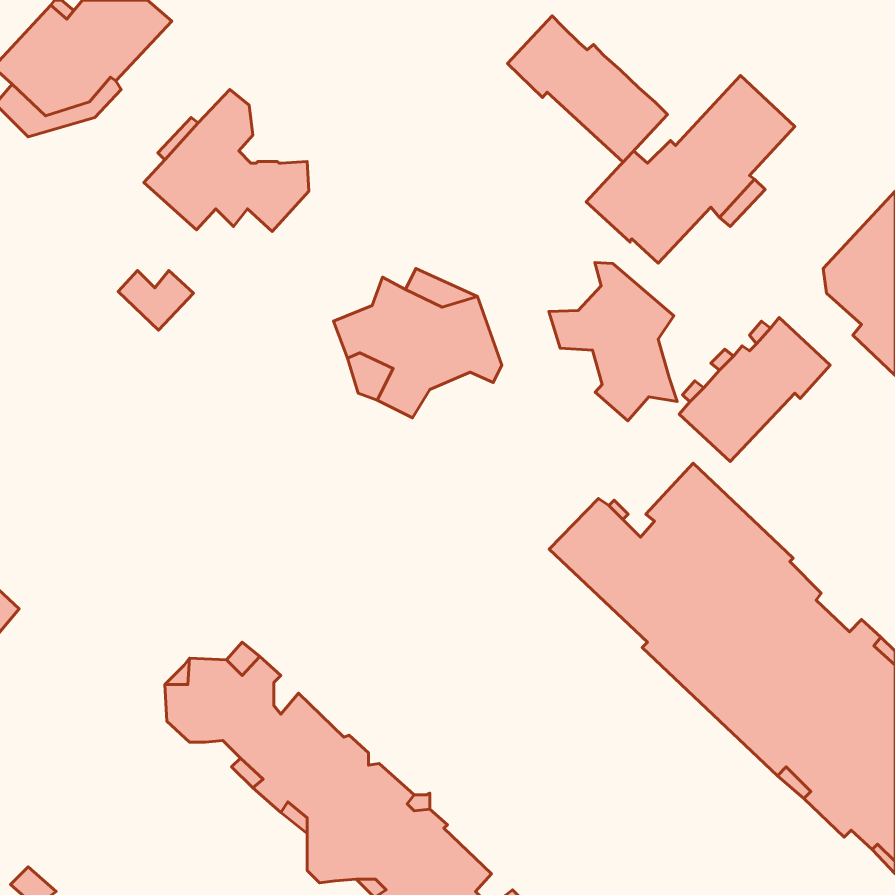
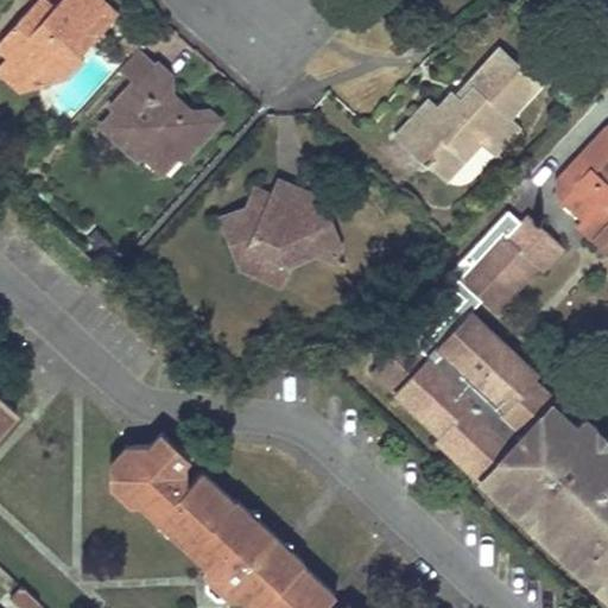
building: [507,16,668,162] -> none
building: [549,263,677,421] -> none
building: [118,270,194,330] -> [133,142,184,183]

